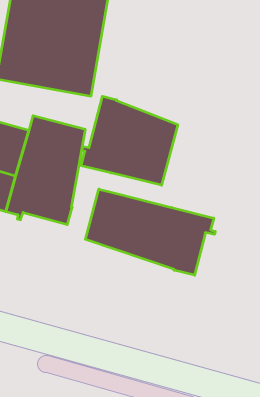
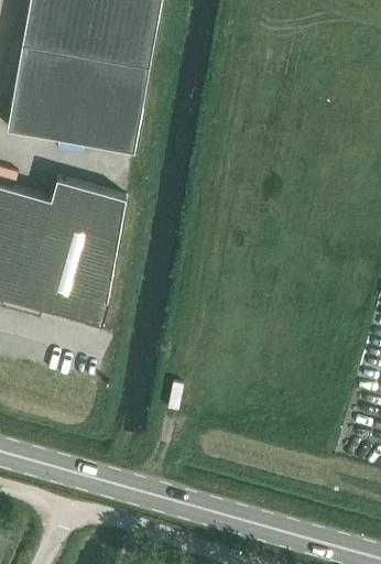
building: [81,96,178,185] -> none
building: [85,189,215,275] -> none

